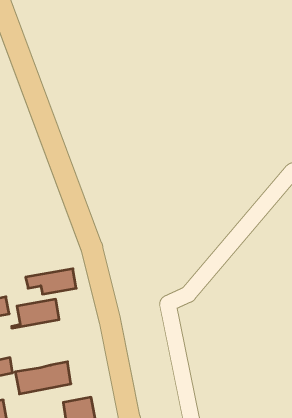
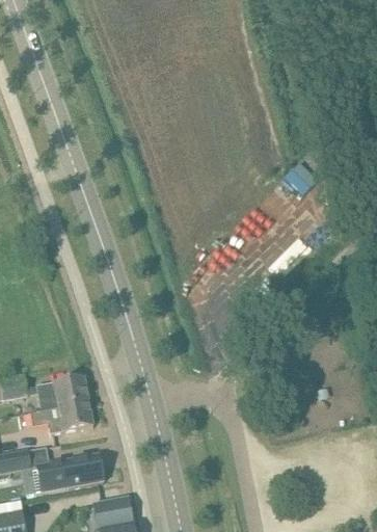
building: [26,269,76,294] -> [30,402,92,433]

